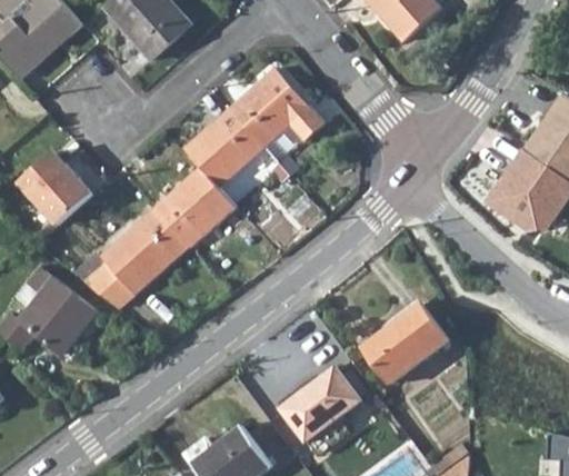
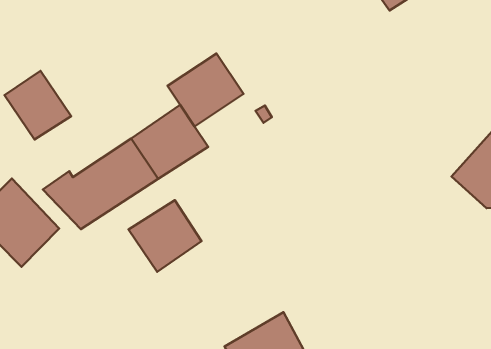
building: [231,69,323,147] -> none
building: none -> [128,200,202,272]
building: [361,301,448,385] -> none

